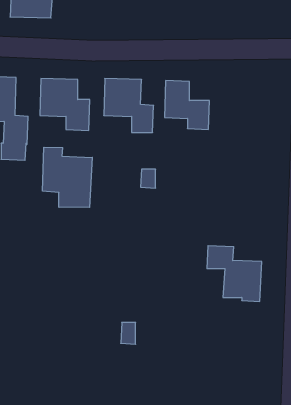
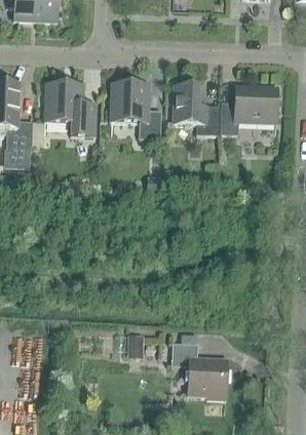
building: none -> [218,87,276,134]
building: [43,147,92,207] -> none
building: [207,246,262,301] -> [169,343,226,400]

